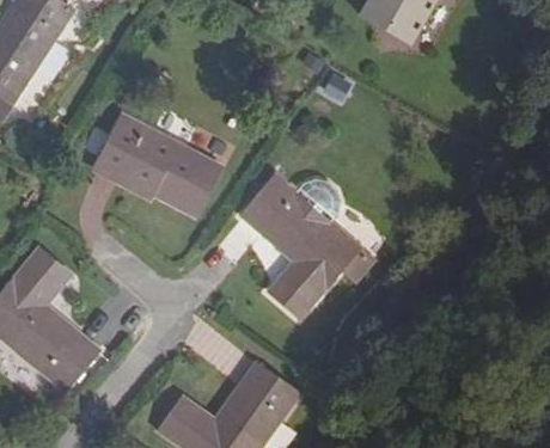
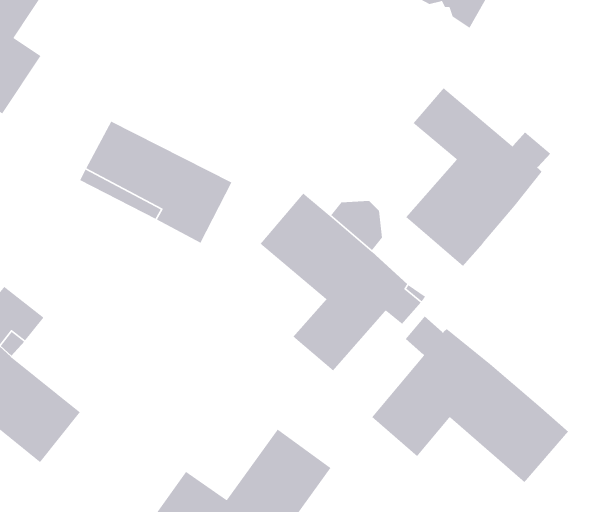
building: none -> [405,87,551,267]
building: none -> [371,316,569,483]

